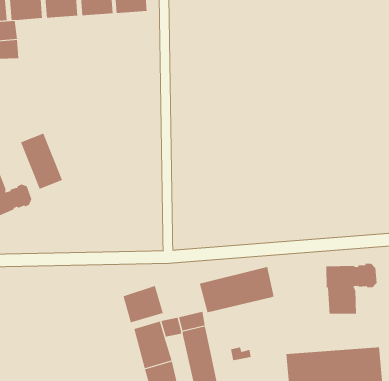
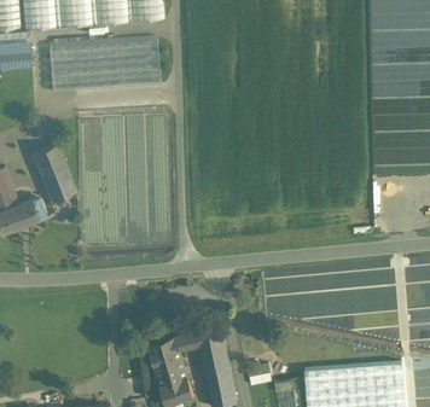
building: none -> [48,34,159,89]
building: [326,263,377,314] -> none
building: [199,266,274,313] -> none
building: [123,285,164,323] -> none

